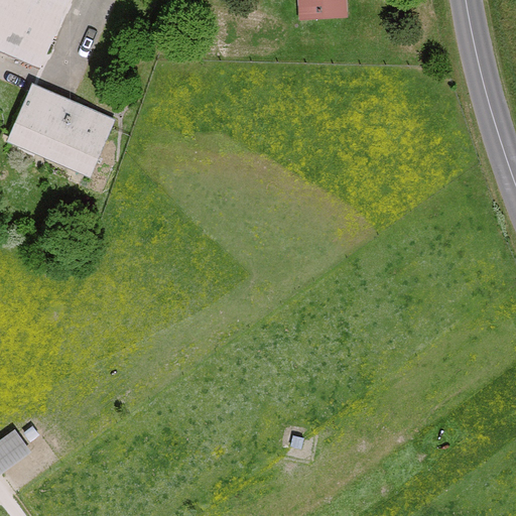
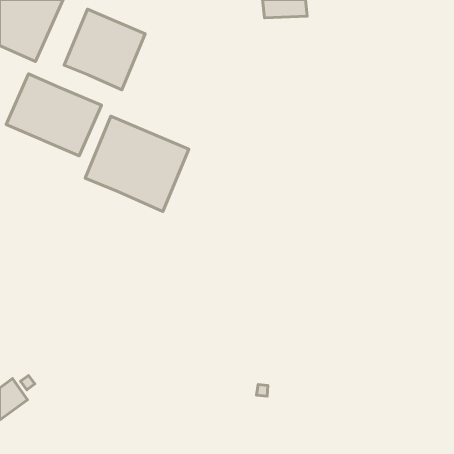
building: none -> [64,9,145,90]
building: none -> [85,116,189,211]

